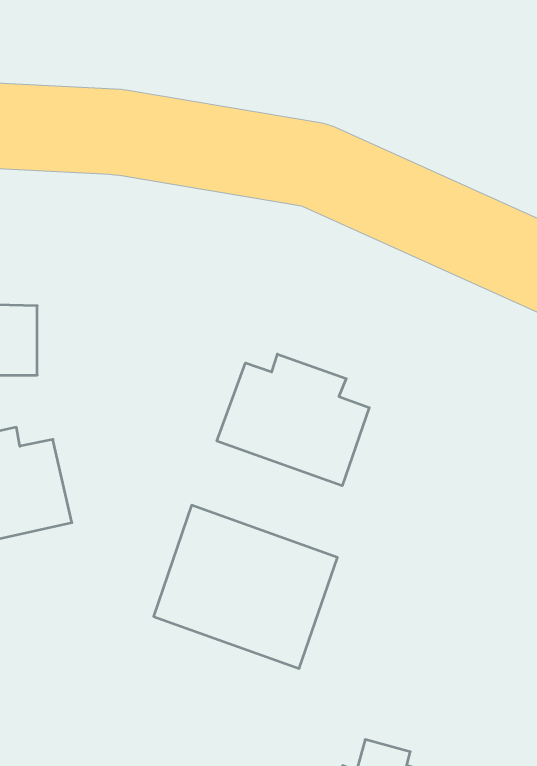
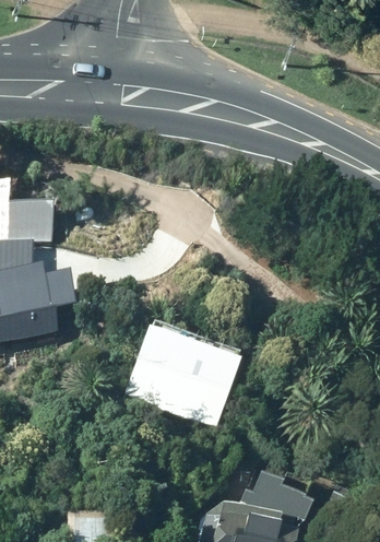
building: [217,354,369,486] -> none

